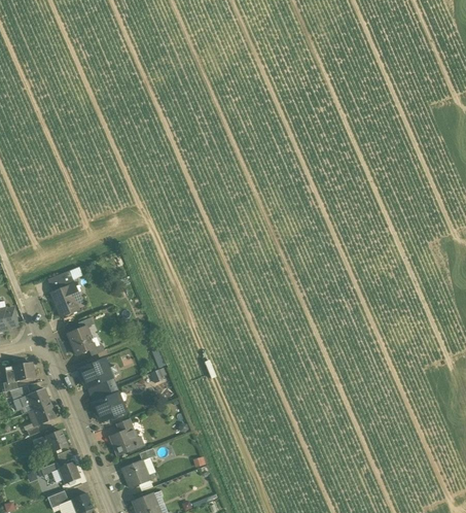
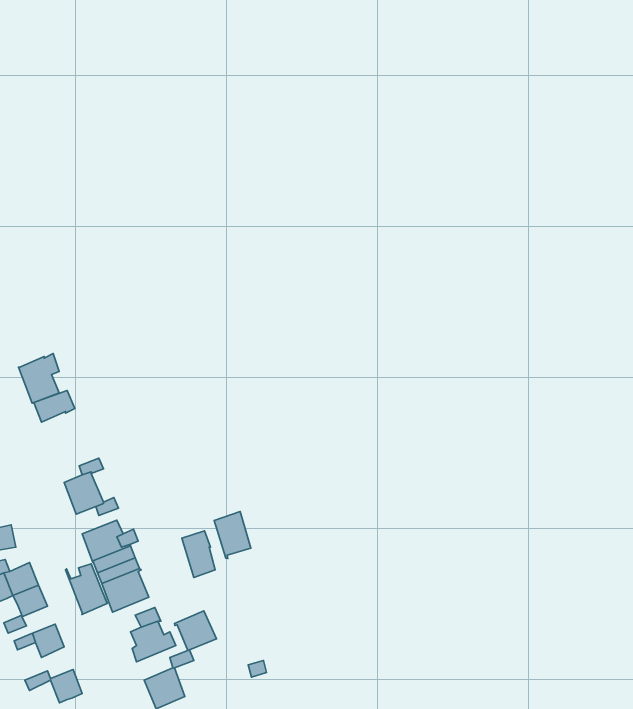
building: [50,282,78,316] -> [18,353,59,403]
building: none -> [214,512,251,558]
building: none -> [65,564,107,615]
building: none -> [175,611,216,650]

